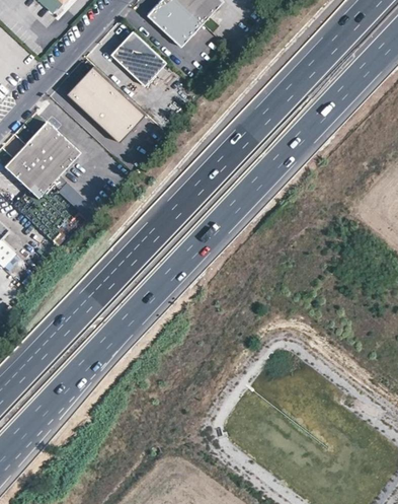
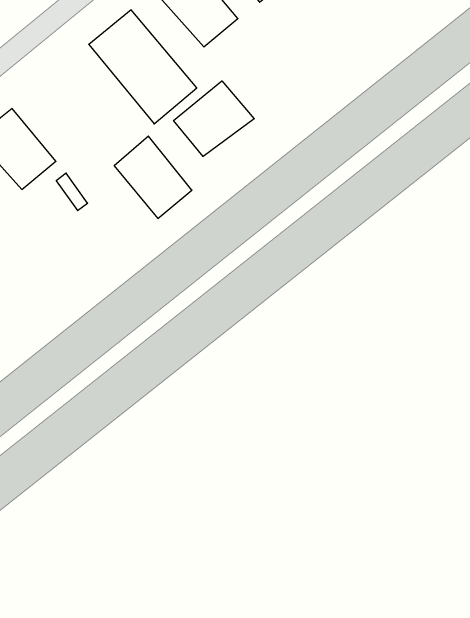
building: none -> [174,81,254,156]
building: [23,121,78,175] -> [114,136,192,218]

